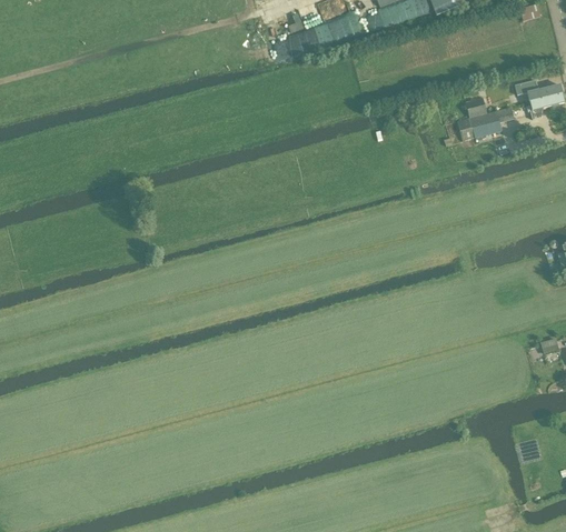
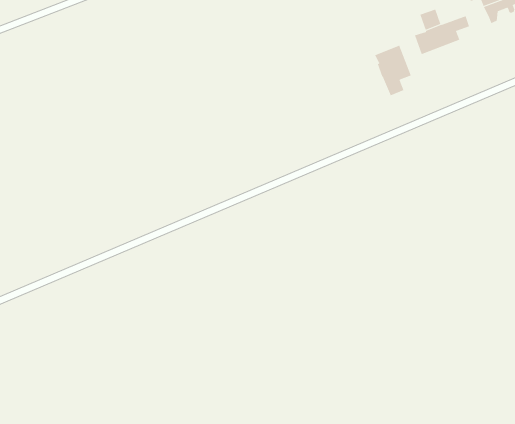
building: none -> [375,45,411,96]

